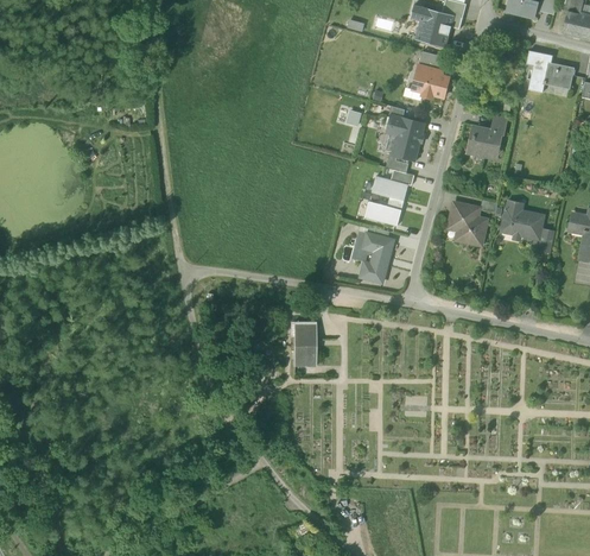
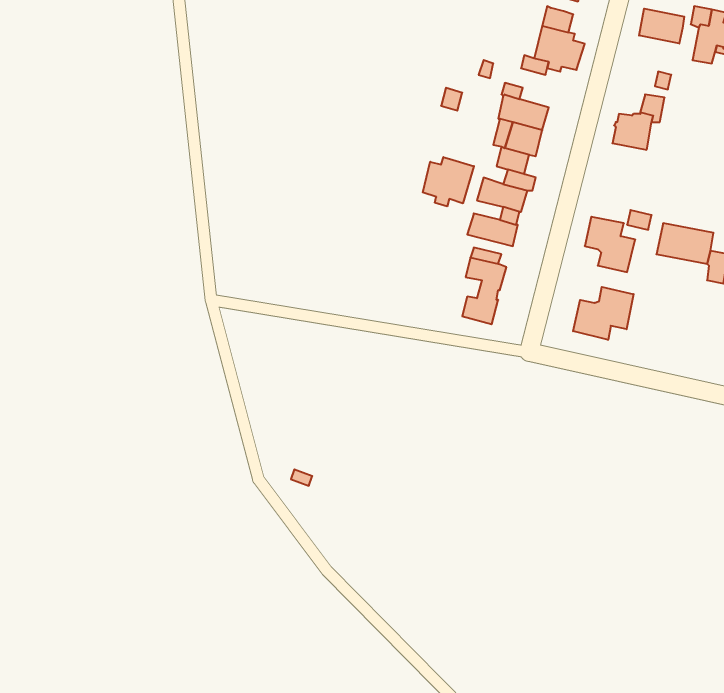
building: none -> [639,9,684,44]
building: none -> [423,157,474,206]
building: none -> [573,287,634,340]
building: [293,322,316,364] -> none

